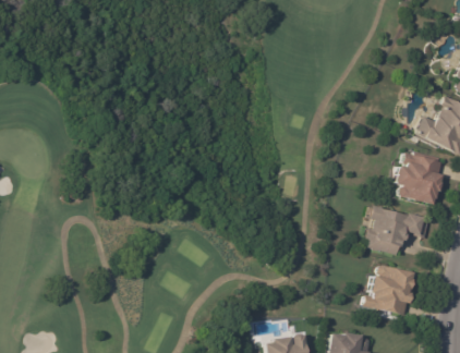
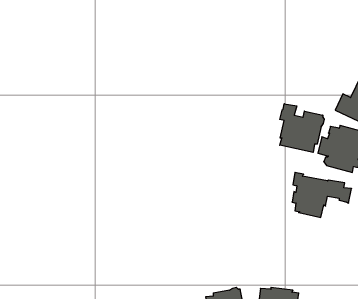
building: none -> [280,104,324,152]
building: [362,266,416,316] -> none

